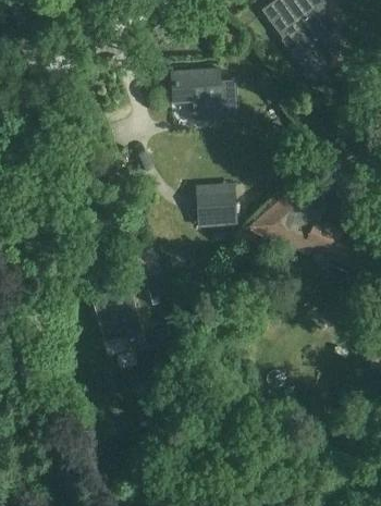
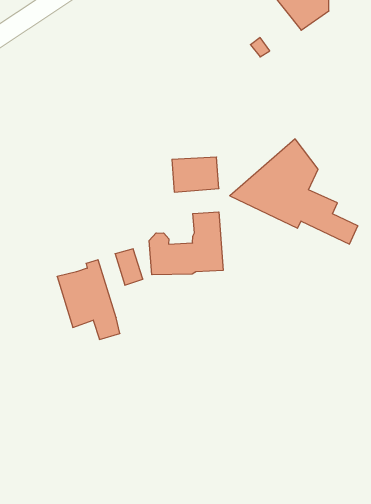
building: [172,70,236,122] -> none
building: none -> [149,212,223,275]

